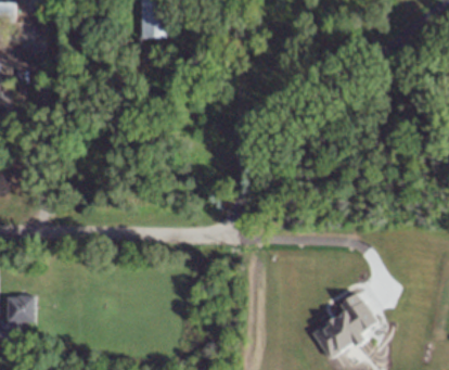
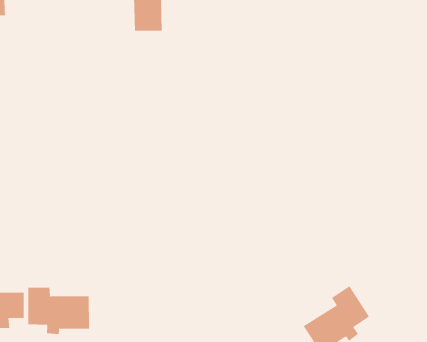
building: none -> [28,287,89,335]

